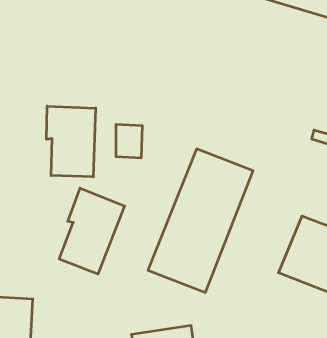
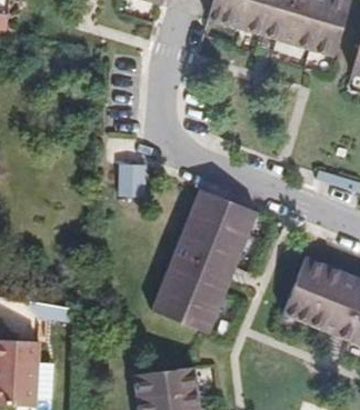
building: [47,106,96,177] -> none
building: [59,188,125,274] -> none

